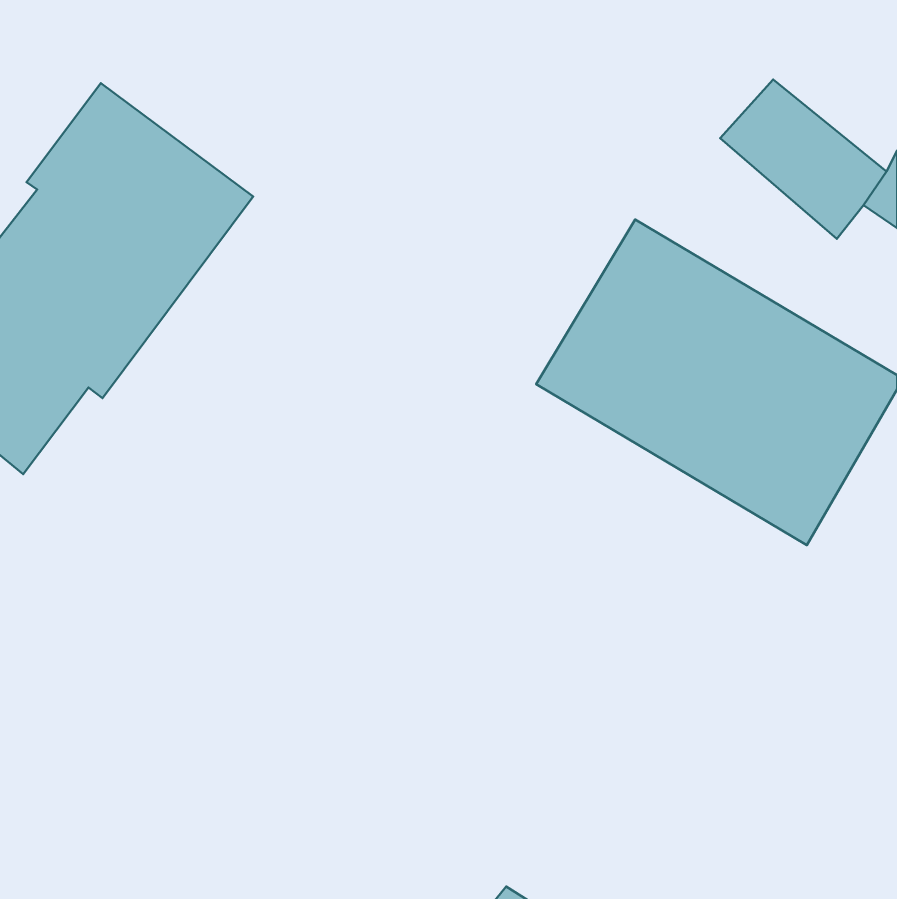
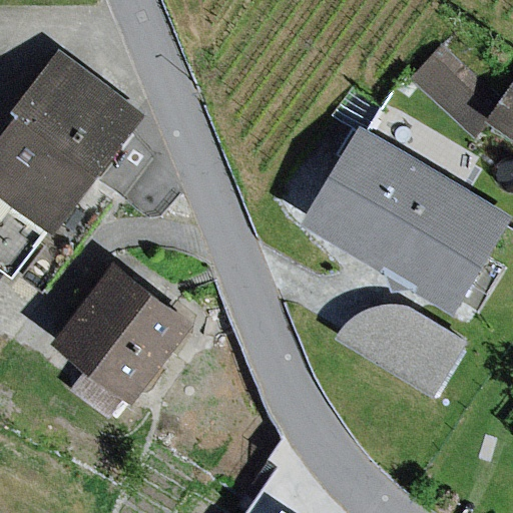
building: none -> [55,262,196,401]
building: none -> [333,304,466,403]

